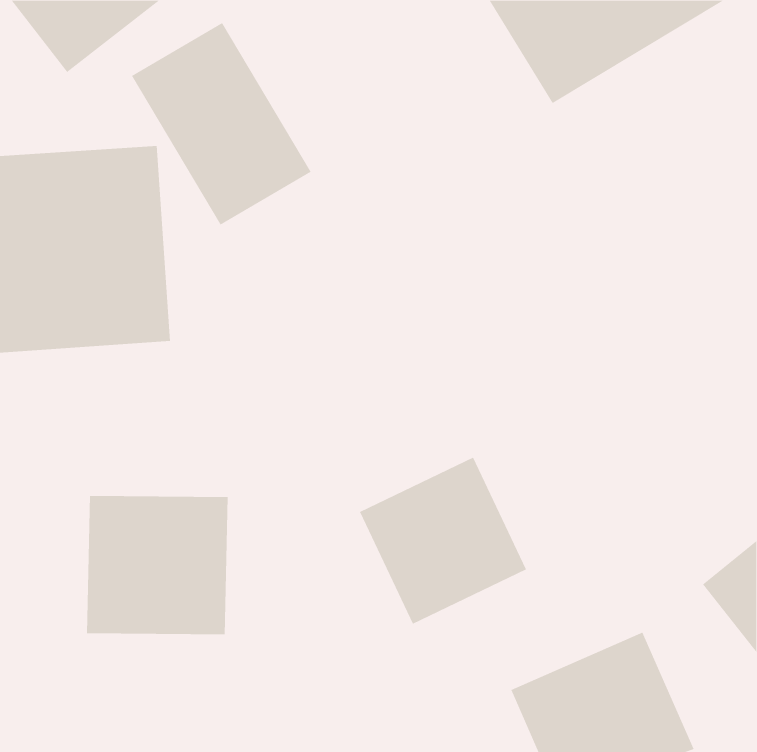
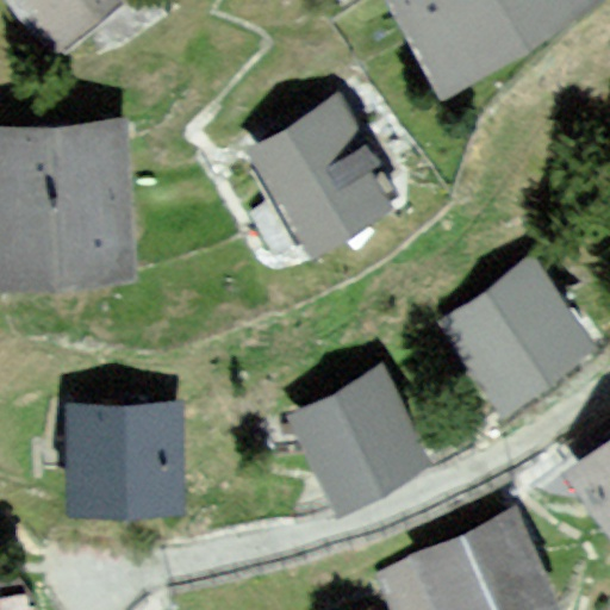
building: [131,22,312,226] -> none
building: none -> [251,104,396,257]
building: none -> [443,259,595,409]

